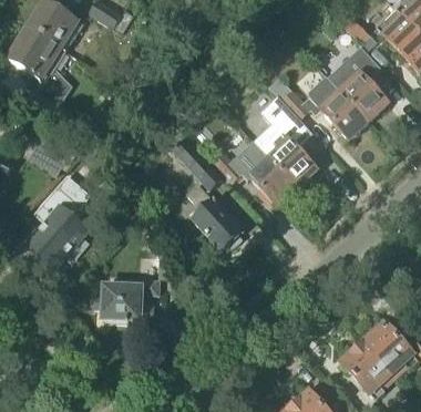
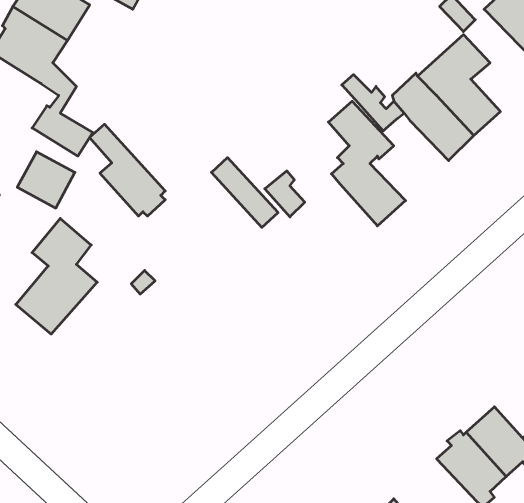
building: [250,150,297,208] -> none
building: [186,183,243,251] -> [90,124,165,216]
building: [94,279,158,321] -> none

